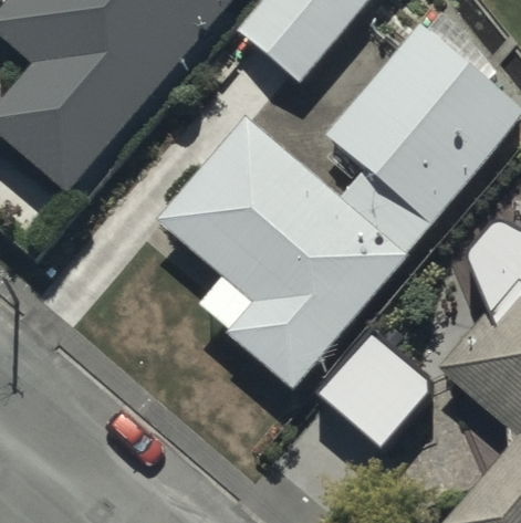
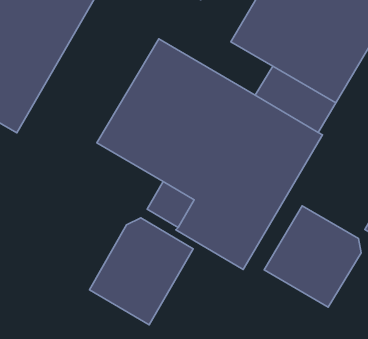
building: none -> [89,218,193,325]

